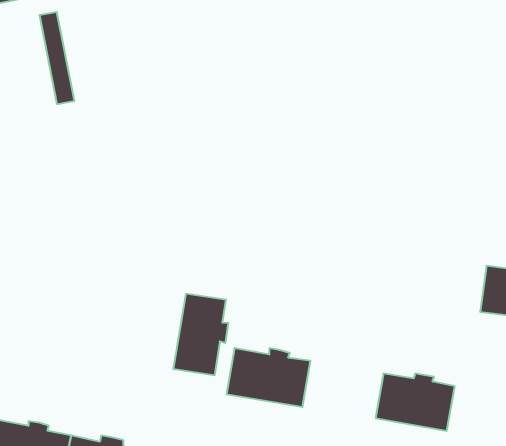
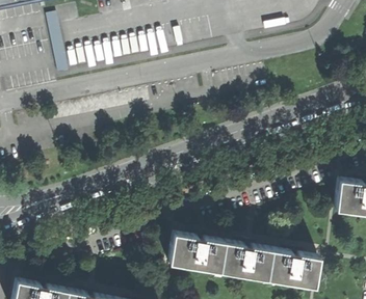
building: [173,294,228,375] -> none
building: none -> [217,240,270,277]

